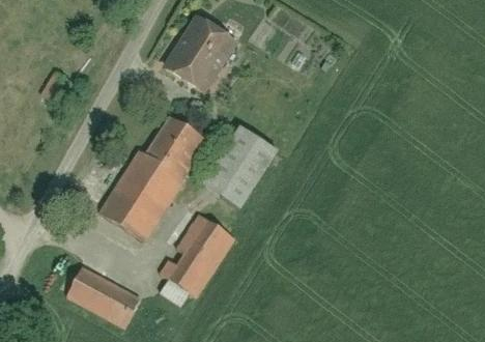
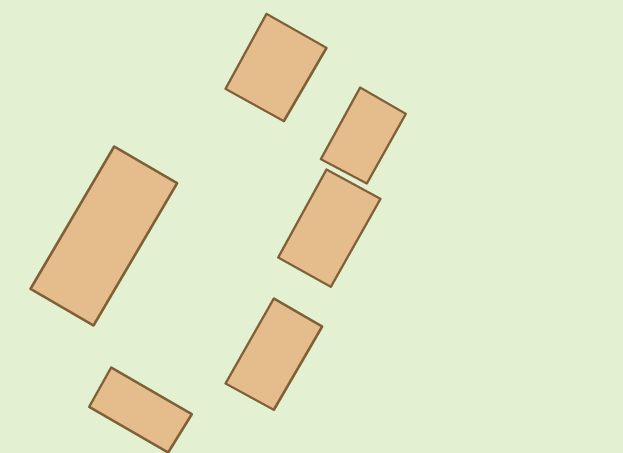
building: none -> [321,88,406,183]
building: [102,113,205,239] -> [31,147,177,326]

